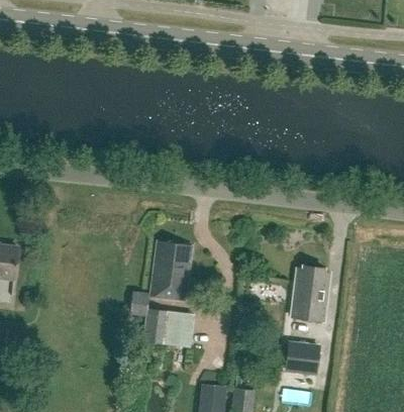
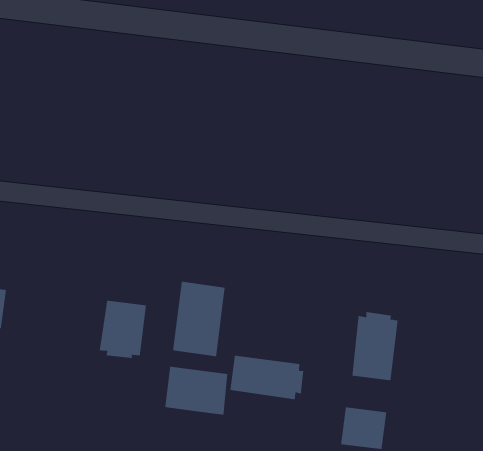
building: none -> [99,300,147,359]
building: none -> [230,355,304,400]

